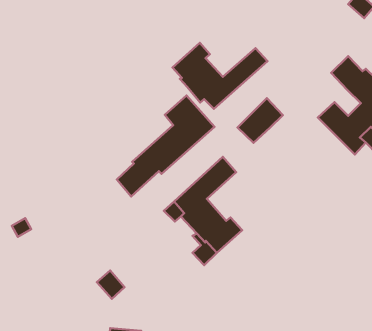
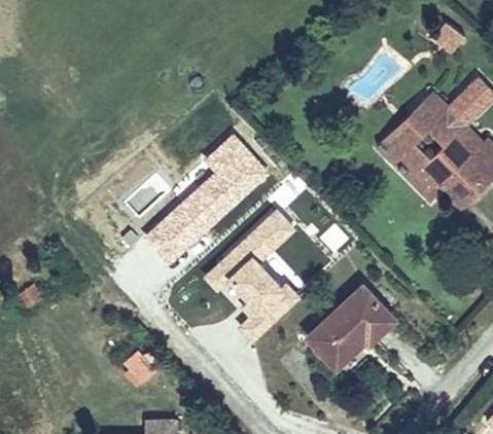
building: [172,43,267,109] -> none
building: [237,98,283,143] -> [375,109,430,164]
building: none -> [303,279,395,363]

